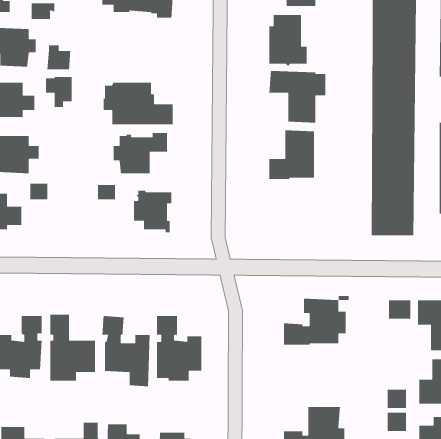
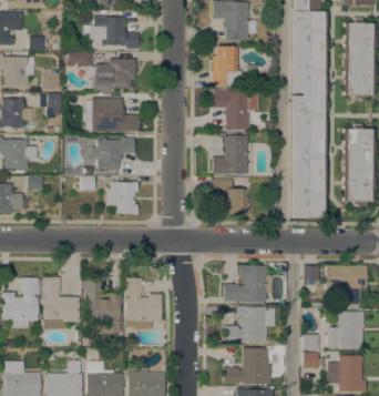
building: none -> [70,53,136,91]
building: none -> [212,180,247,214]
building: none -> [224,306,276,343]

